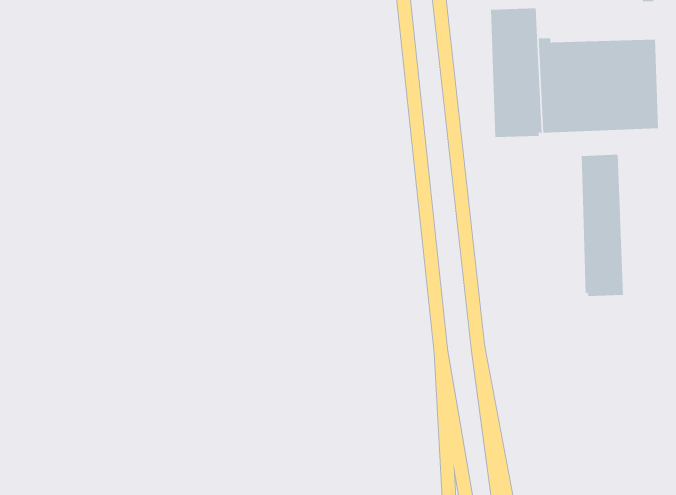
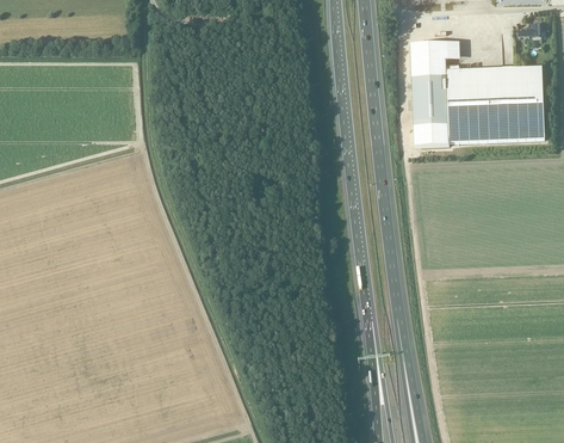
building: [581,154,624,297] -> none

